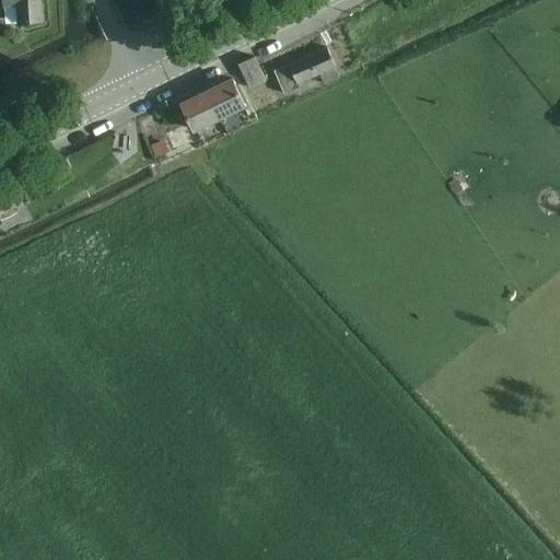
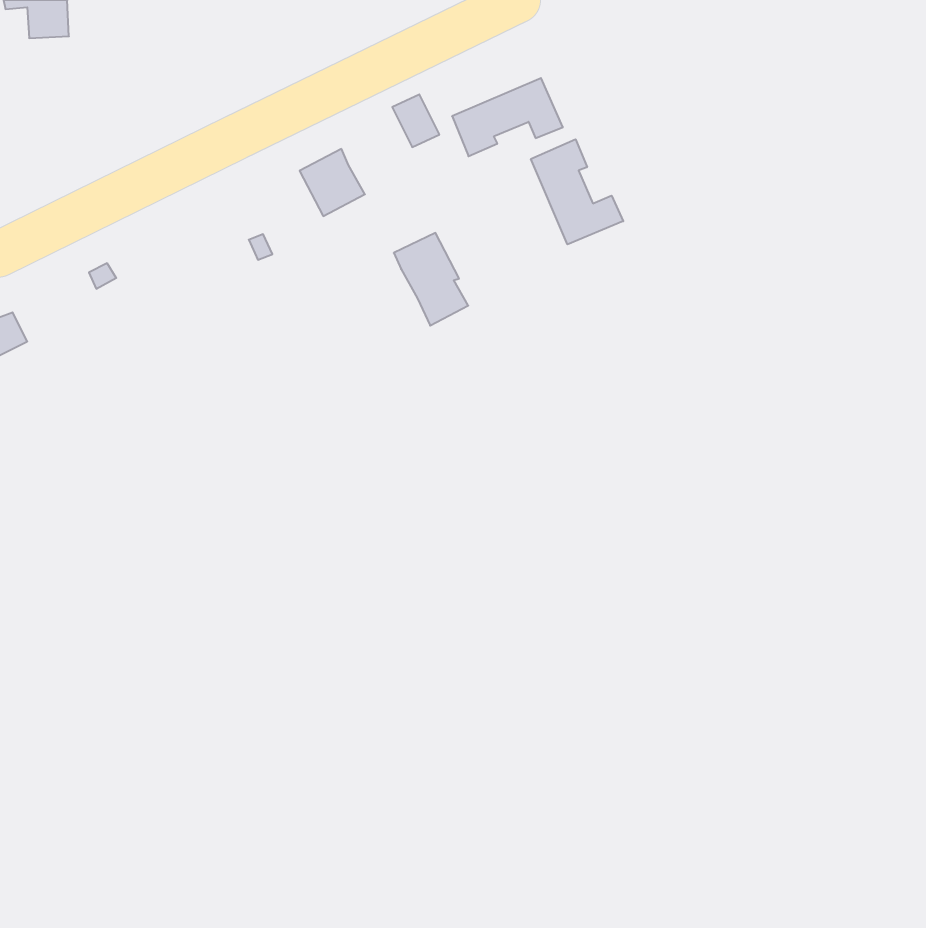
building: [206,78,250,133] -> [394,233,468,326]
building: none -> [531,139,623,244]

